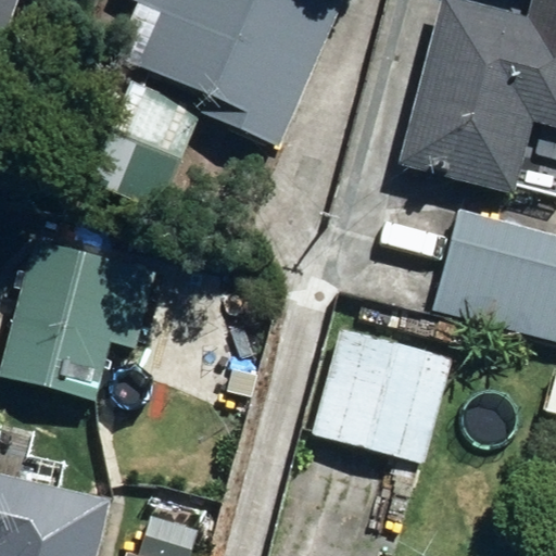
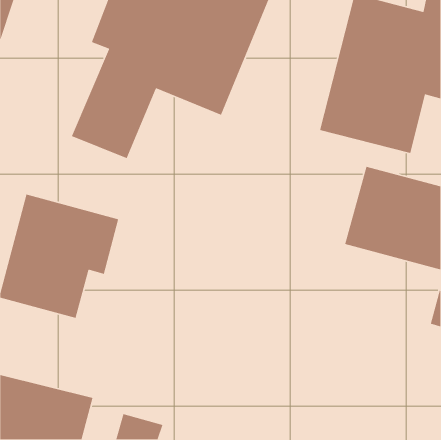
building: [315,330,454,464] -> none

